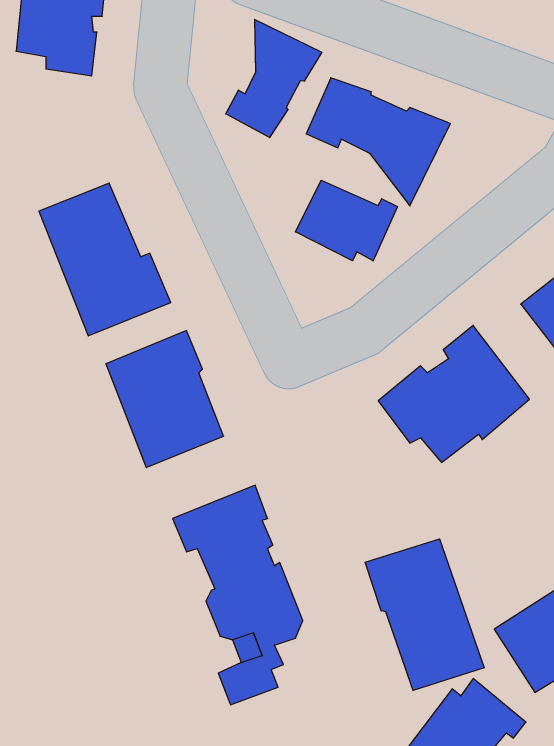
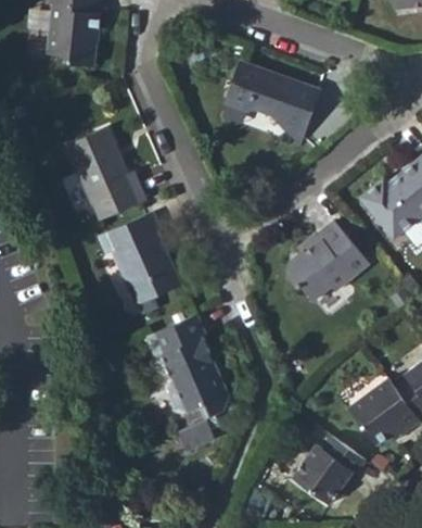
building: [226,19,322,138] -> none
building: [295,180,398,261] -> none
building: [365,539,484,691] -> none

